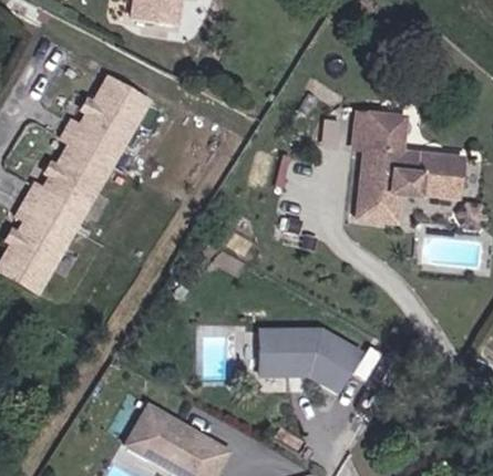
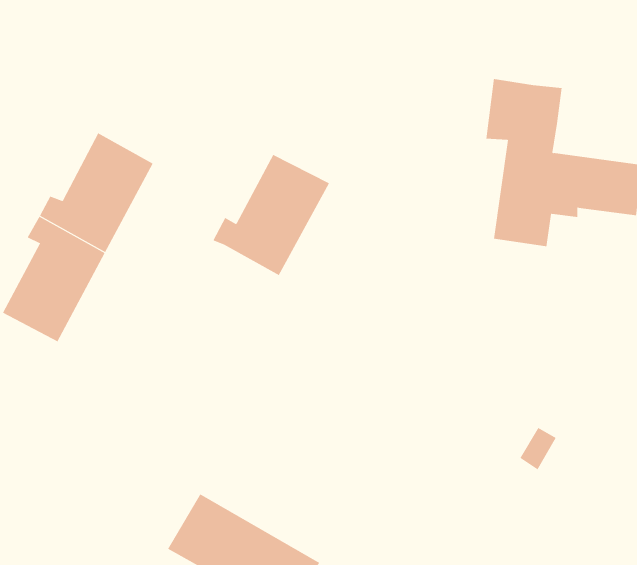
building: [63,76,147,164] -> [213,154,330,276]
building: [259,330,358,390] -> none

